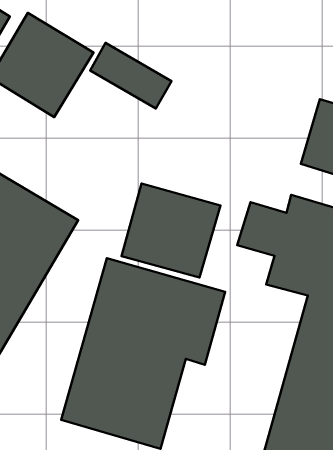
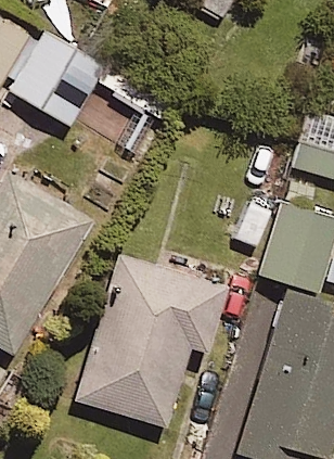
building: [122,183,220,278] -> none

